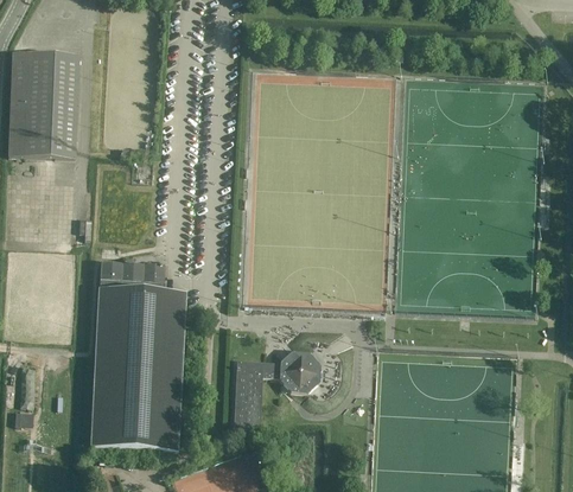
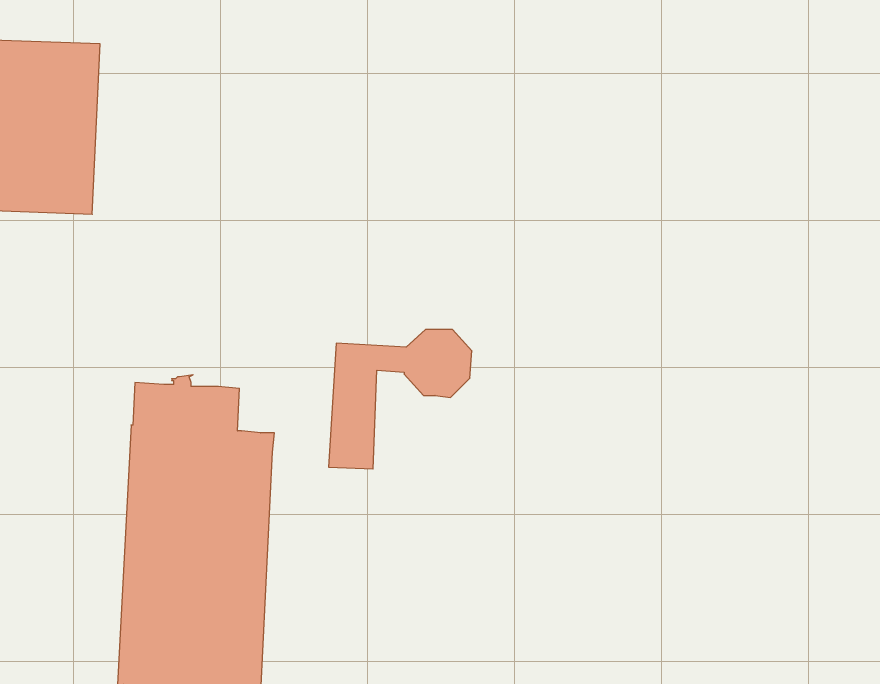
building: [233,351,320,436] -> [329,330,472,469]

